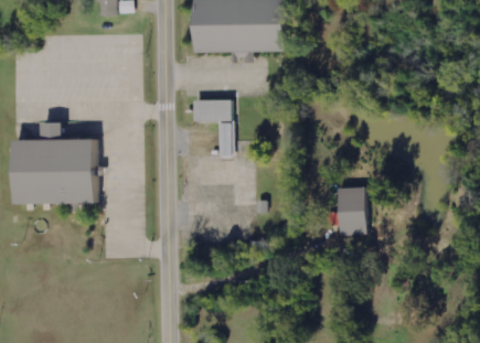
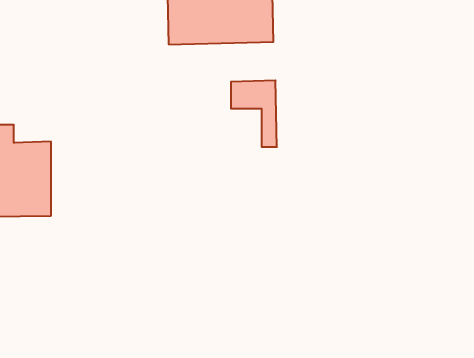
building: [194,95,234,152] -> [231,80,277,147]
building: [338,184,366,235] -> none

